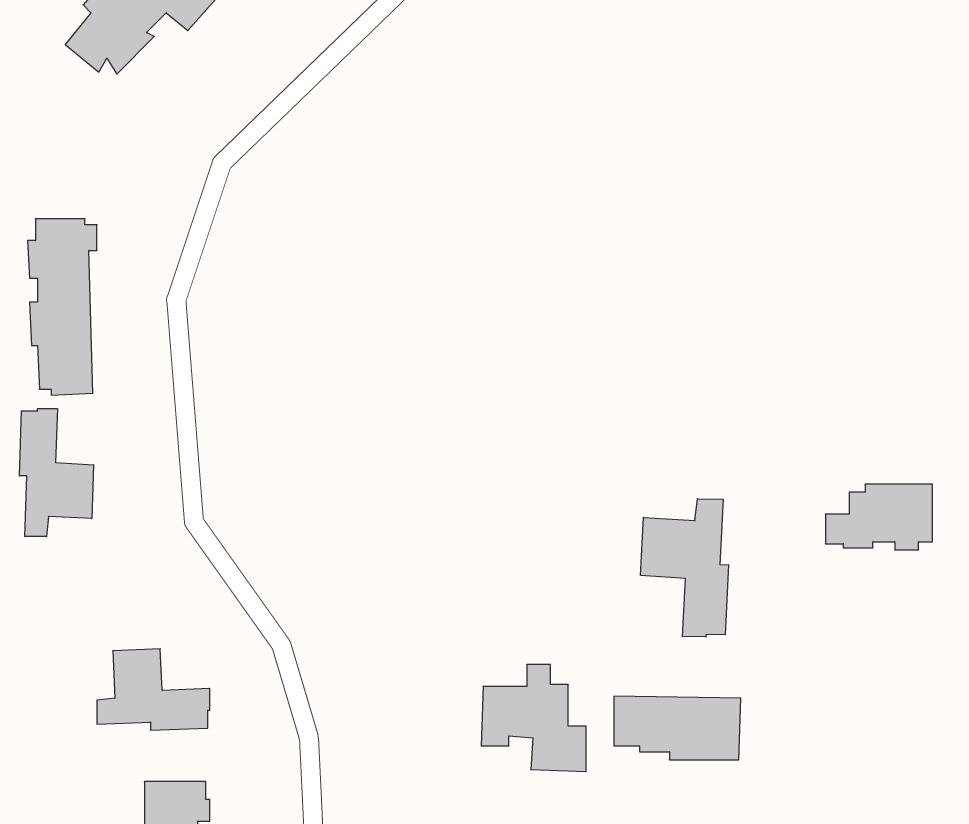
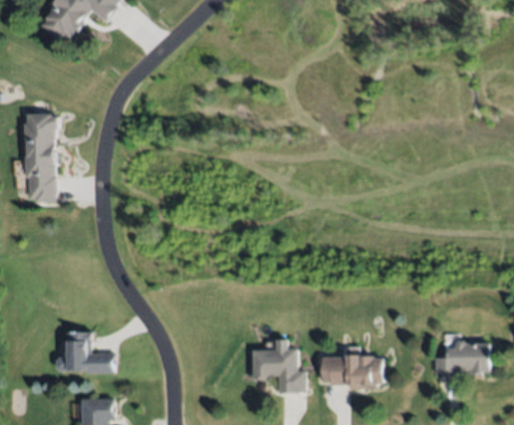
building: [20,409,94,537] -> none
building: [825,484,932,550] -> [434,343,488,376]
building: [641,499,728,637] -> none

